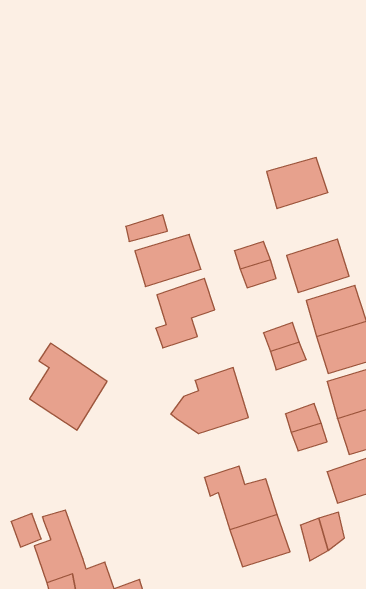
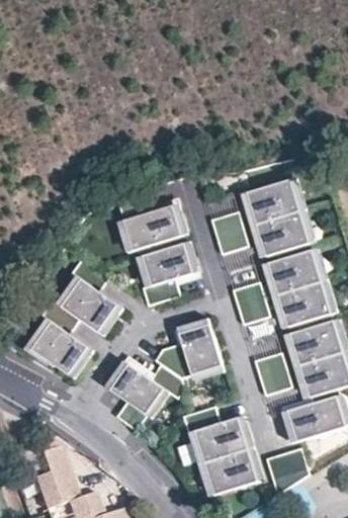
building: [267,158,328,209] -> [246,179,299,224]
building: none -> [61,259,117,334]
building: none -> [110,365,186,430]

